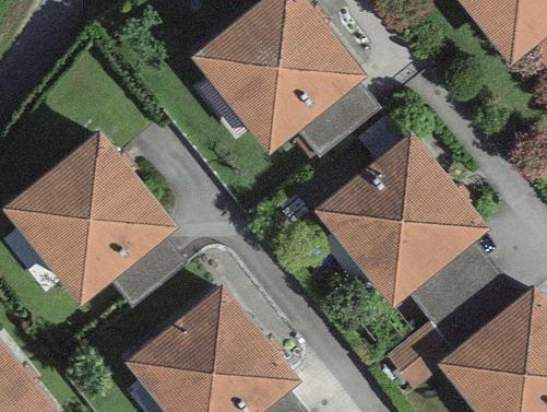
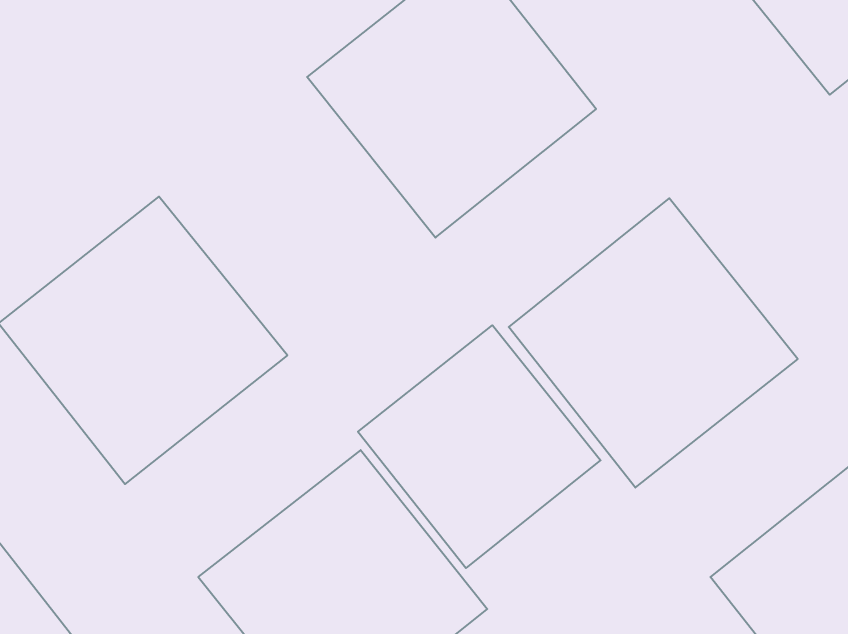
building: none -> [358,325,601,568]

